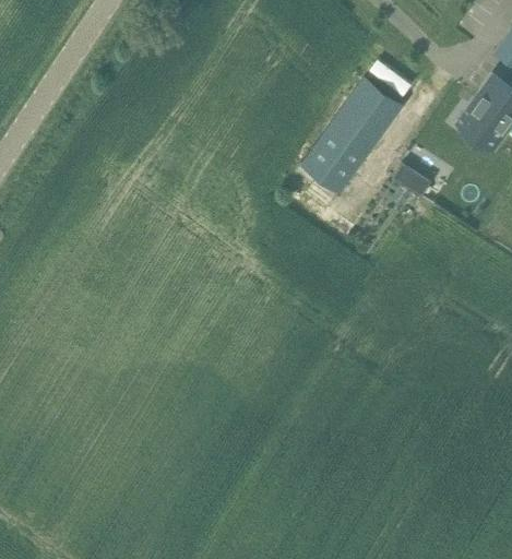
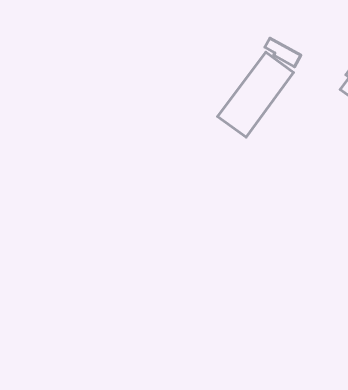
building: [391,164,430,198] -> none

